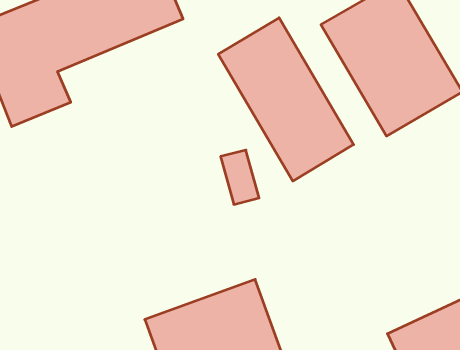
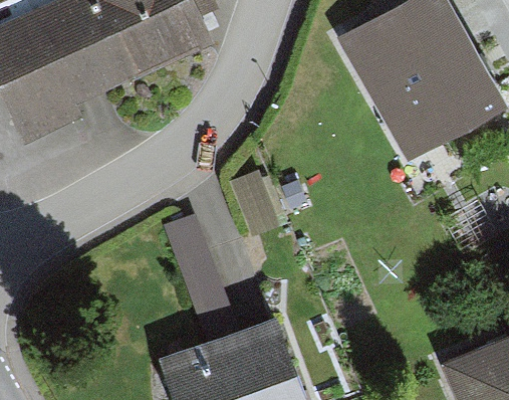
building: [218,18,354,181] -> none

